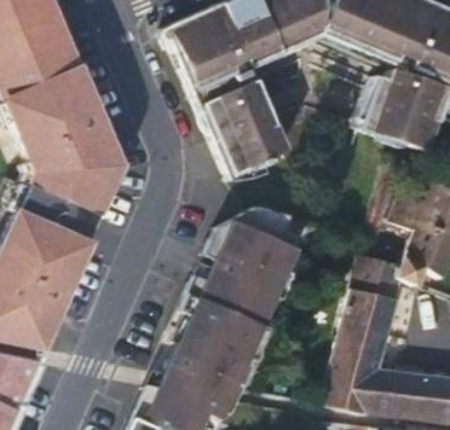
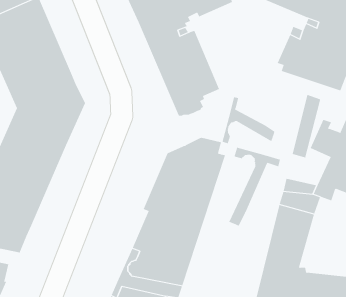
building: none -> [222,97,275,144]
building: none -> [229,147,280,227]

